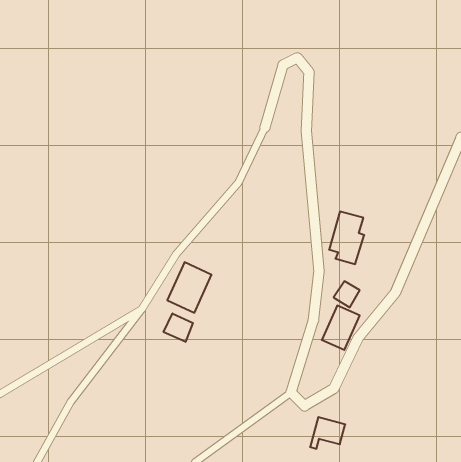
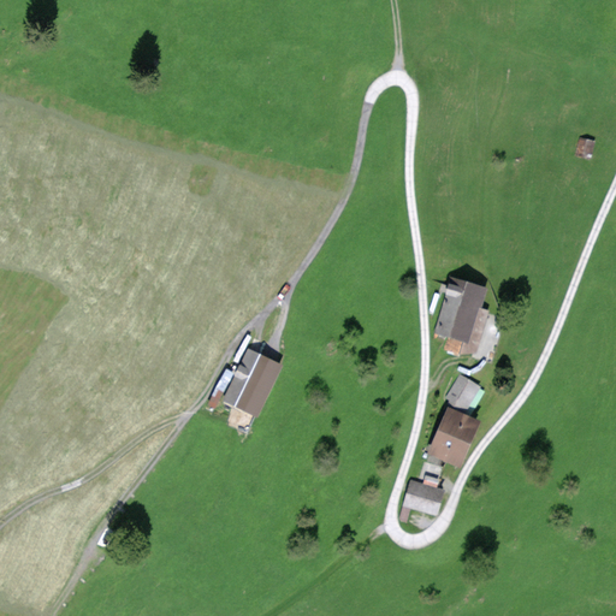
building: [164,313,193,342] -> none
building: [310,417,345,449] -> [397,480,444,522]

